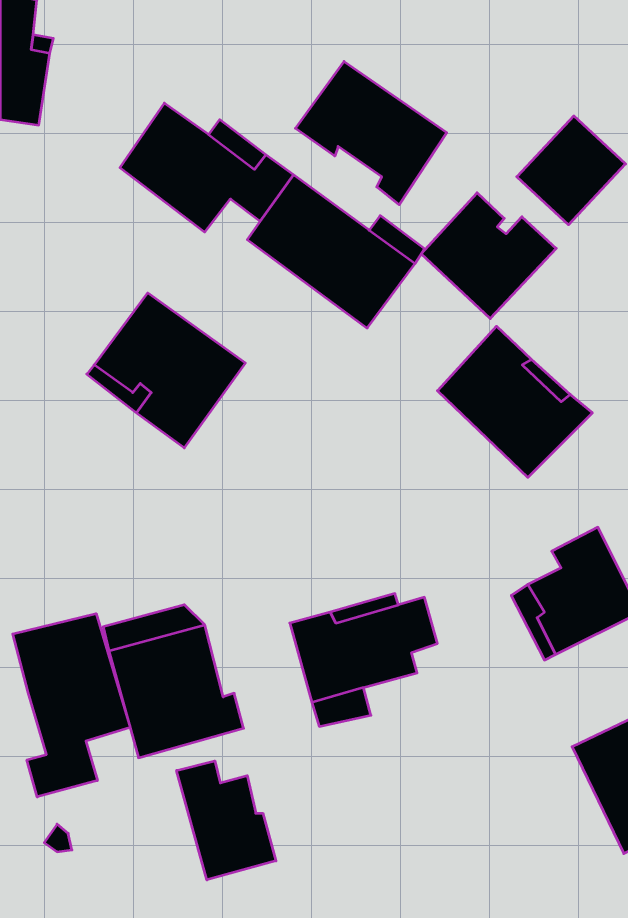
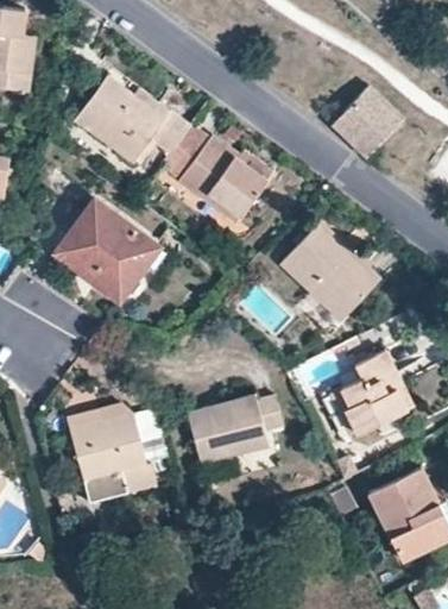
building: [295,61,447,205] -> none
building: [421,193,556,319] -> none
building: [13,614,130,797] -> none
building: [177,761,276,880] -> none

